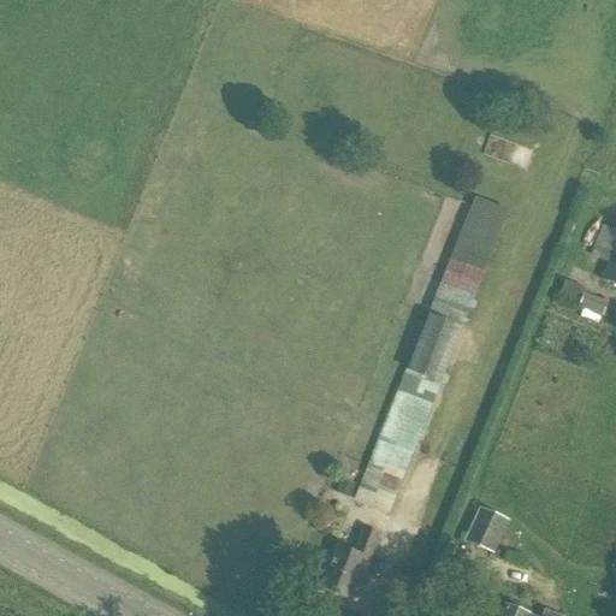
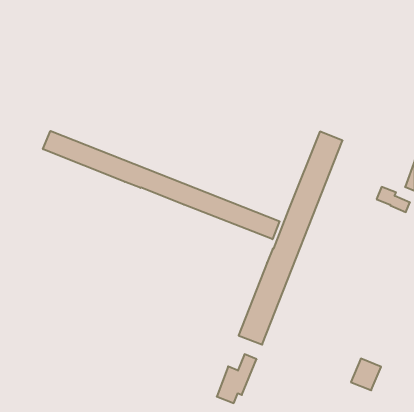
building: none -> [43,131,280,239]
building: [464,504,509,551] -> [351,359,381,390]

